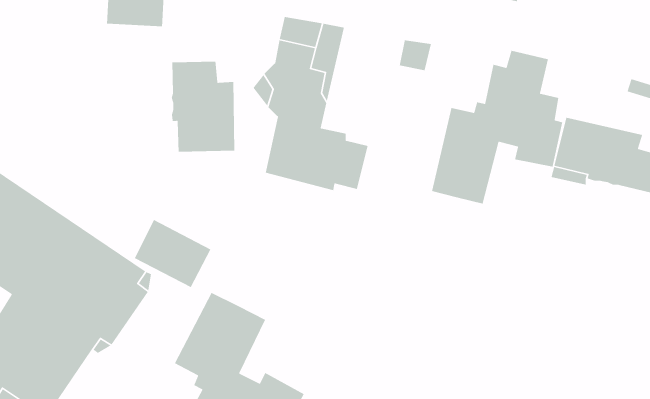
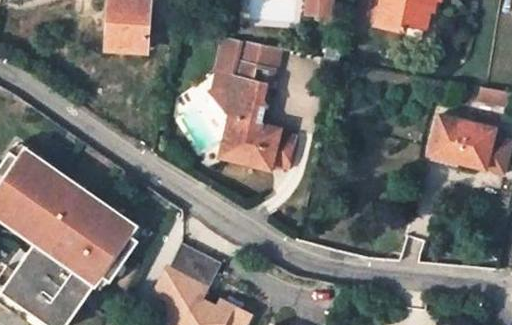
building: [431,50,563,205] -> none
building: [171,61,235,153] -> none
building: [134,219,212,288] -> none

